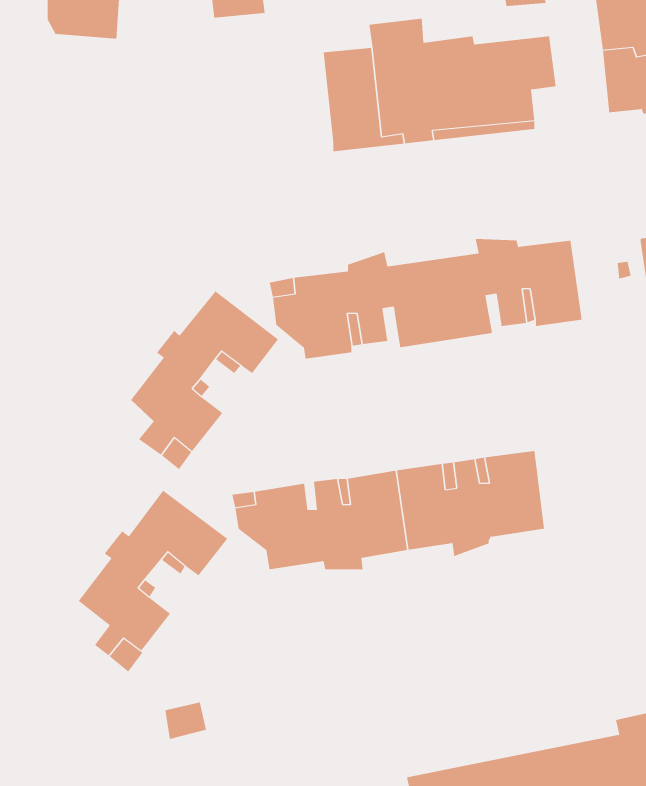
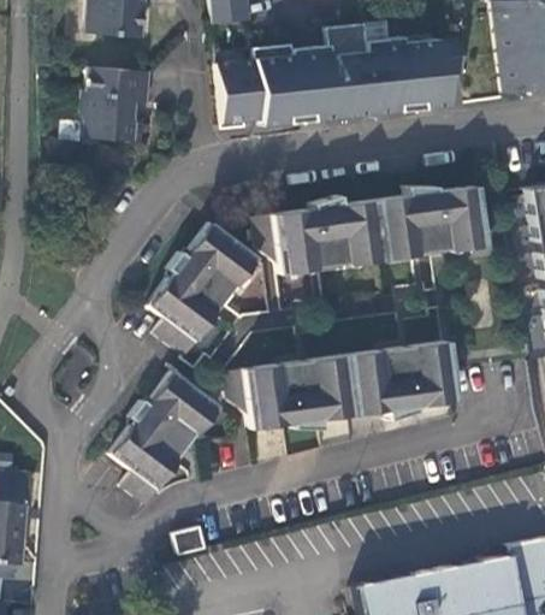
building: none -> [218,45,301,125]
building: none -> [79,66,150,140]

